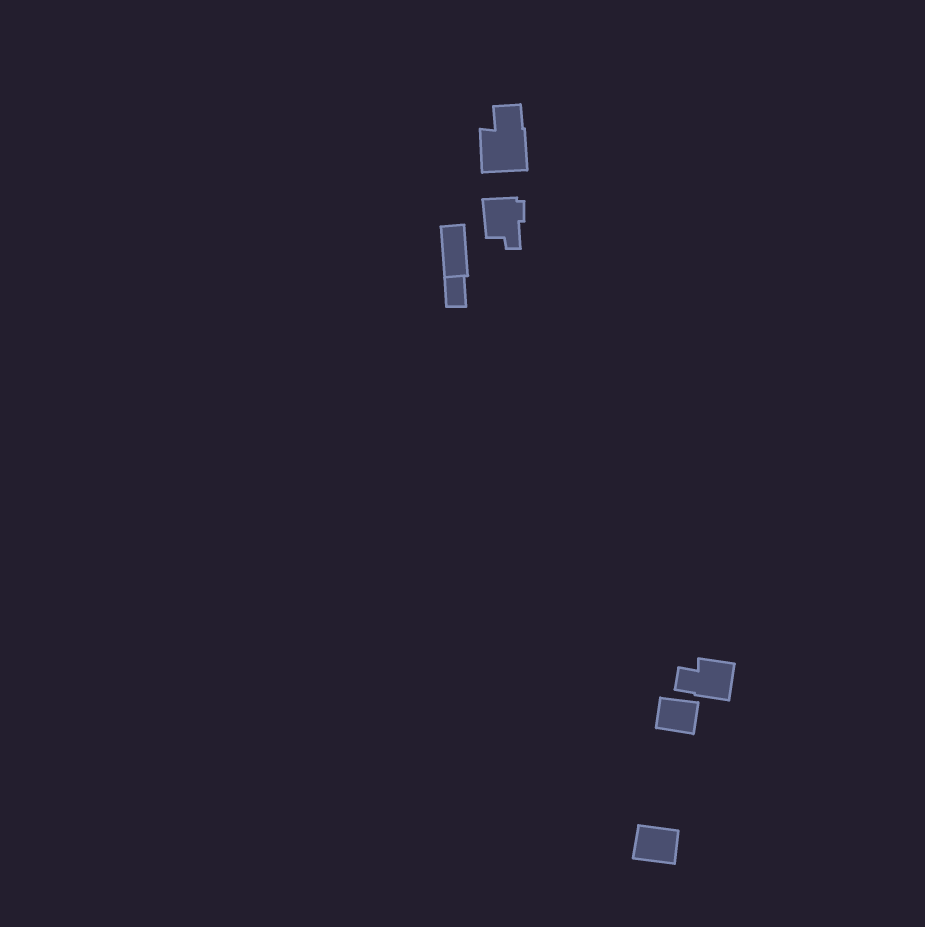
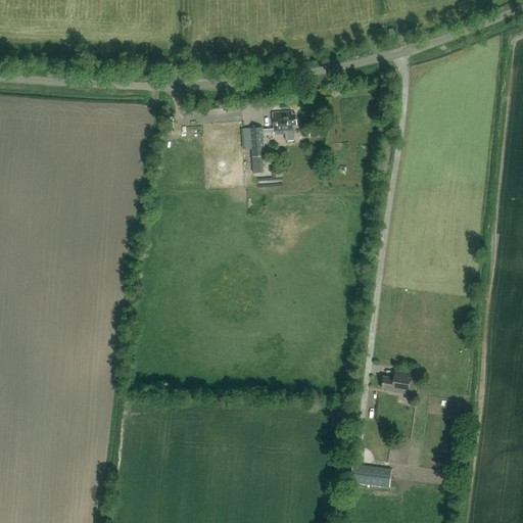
building: [480,104,527,173] -> none
building: [656,698,698,734] -> none

